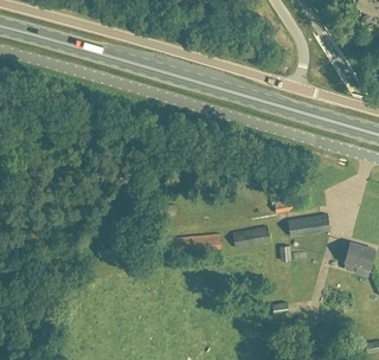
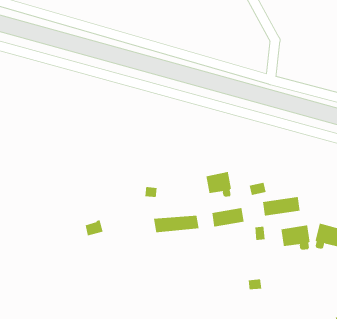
building: none -> [206,171,231,198]
building: none -> [281,224,310,251]

